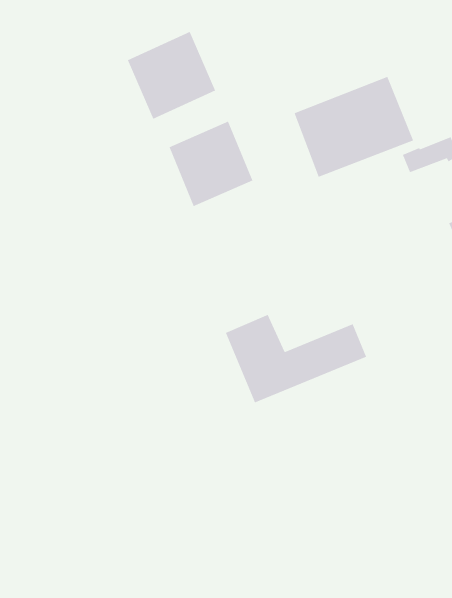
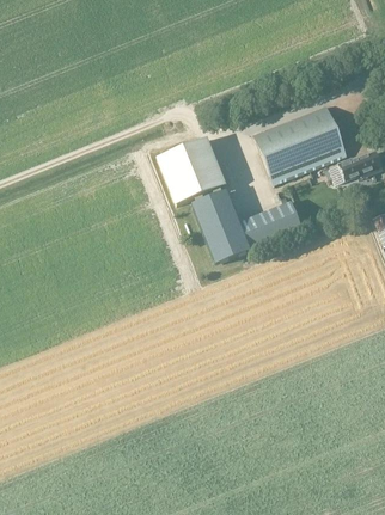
building: [127,31,216,120] -> none
building: [225,314,367,404] -> [192,192,302,262]

